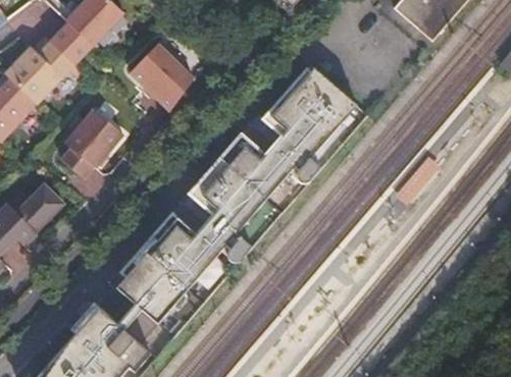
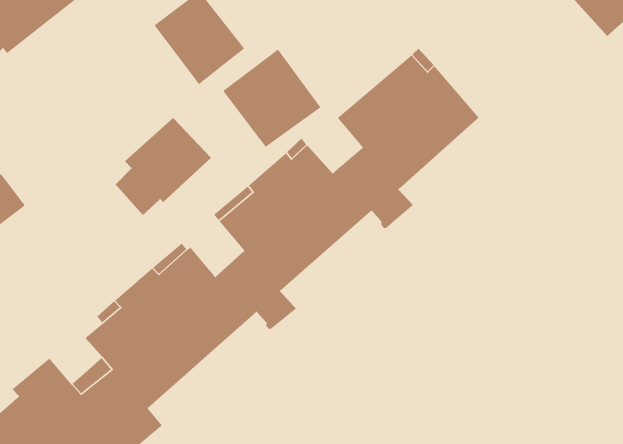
building: none -> [222,49,321,148]
building: [62,110,124,178] -> [115,117,212,216]

